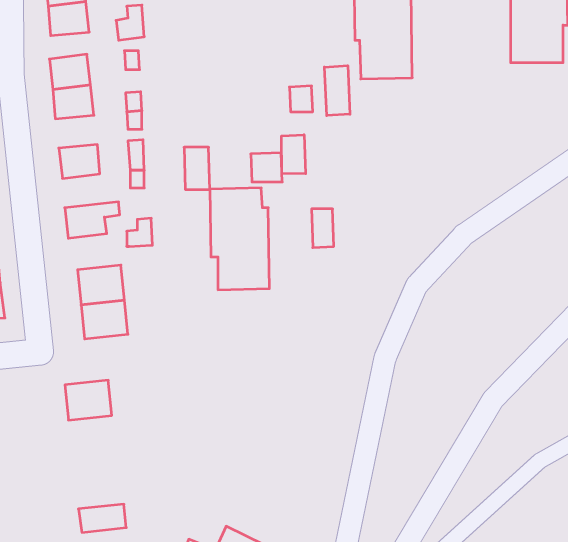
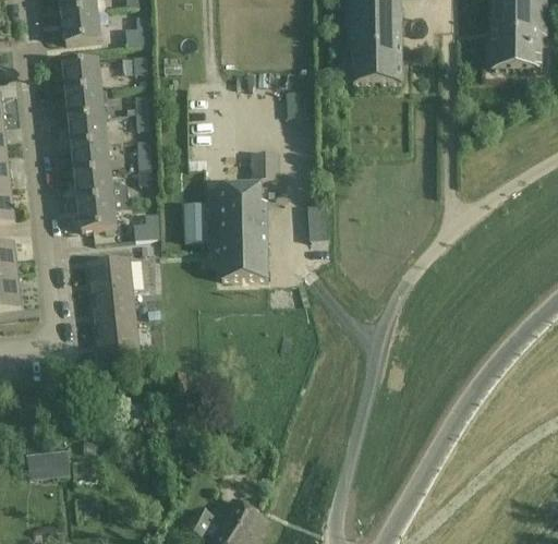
building: [324,66,350,116] -> none
building: none -> [68,116,107,146]
building: [282,135,306,174] -> none
building: [184,147,210,189] -> [180,201,204,240]
building: none -> [74,170,126,202]
building: [65,380,112,420] -> [95,319,138,356]
building: [78,504,126,532] -> [24,451,69,477]

